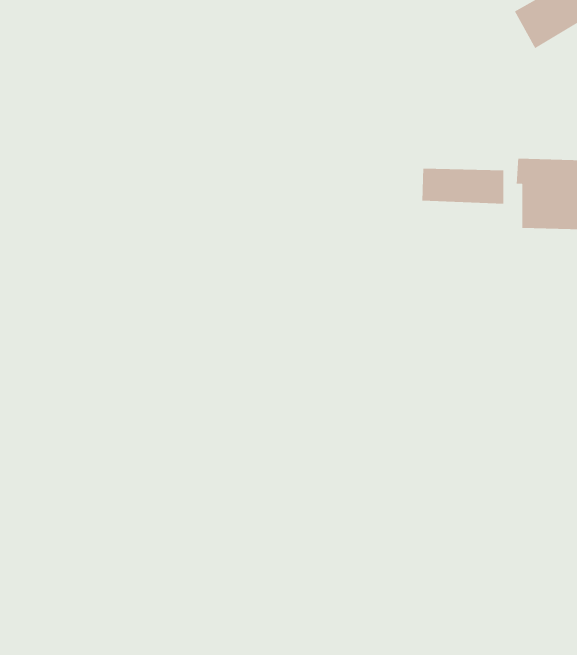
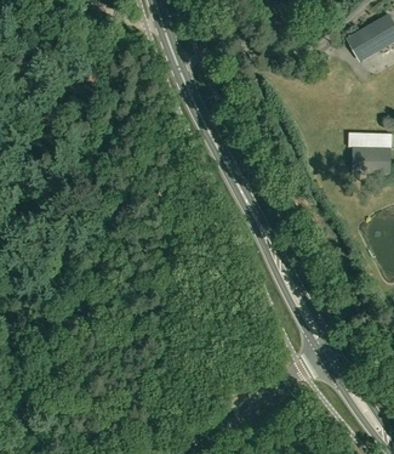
building: [421,168,504,204] -> none

